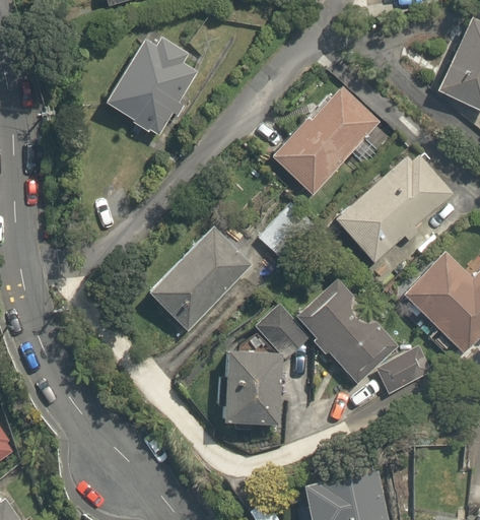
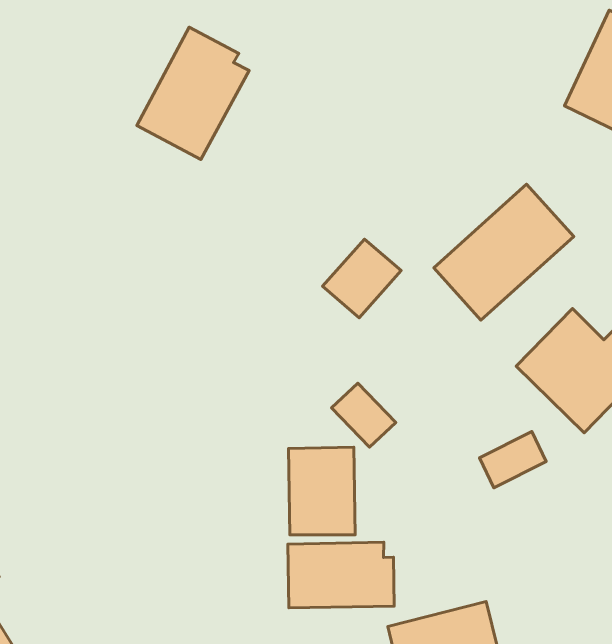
building: [272,83,374,191] -> none
building: [153,231,249,329] -> none
building: [299,283,395,381] -> none
building: none -> [288,542,394,608]

